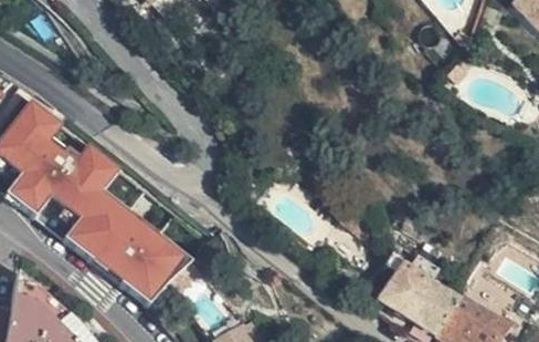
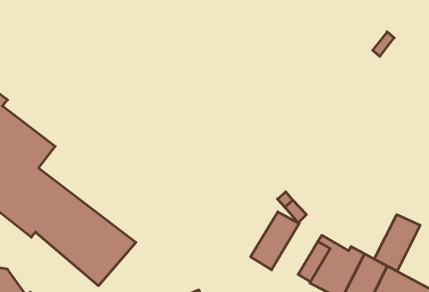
building: none -> [251,212,299,270]
building: none -> [374,215,420,271]

